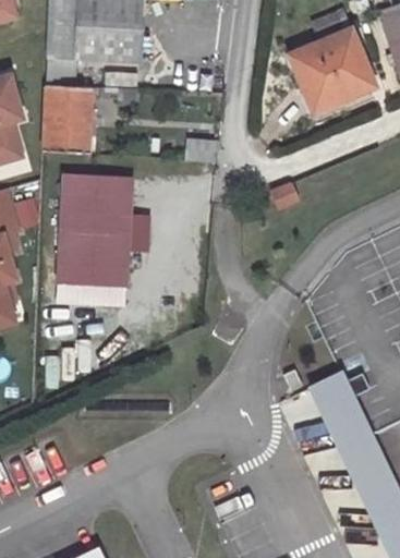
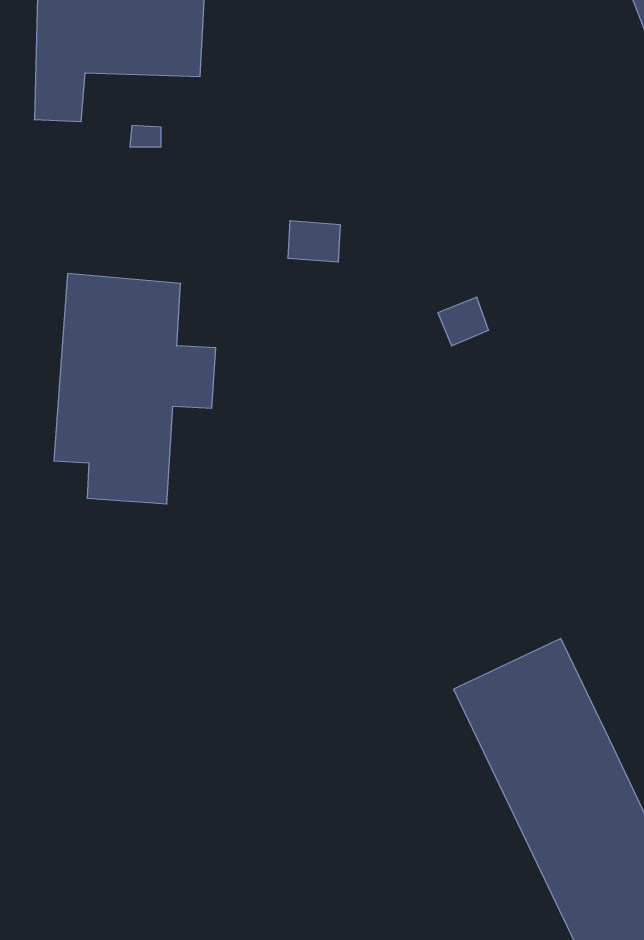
building: [294,27,375,105] -> none
building: [46,84,94,156] -> none

